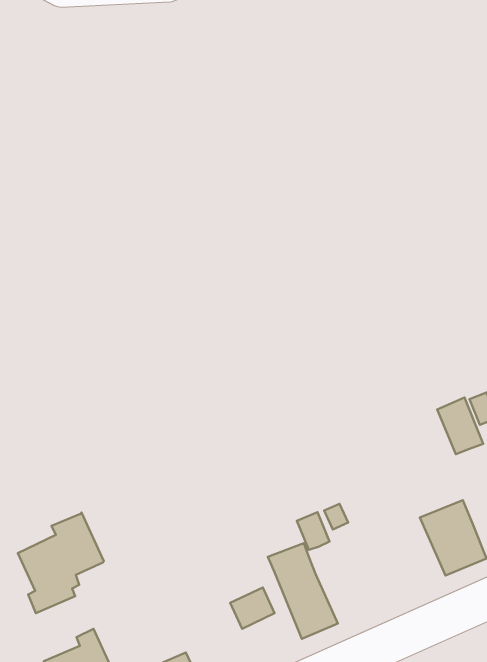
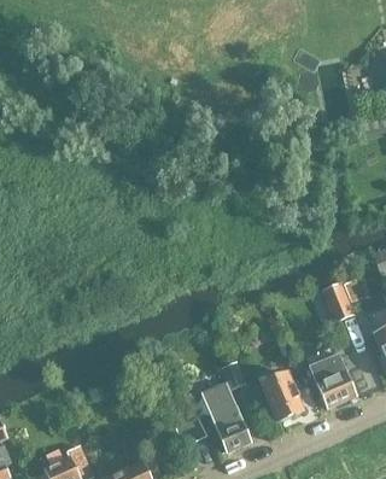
building: [18,512,104,613] -> none
building: none -> [259,370,305,421]

